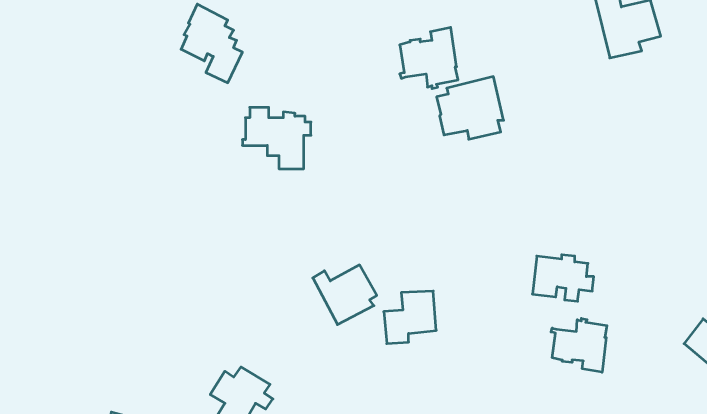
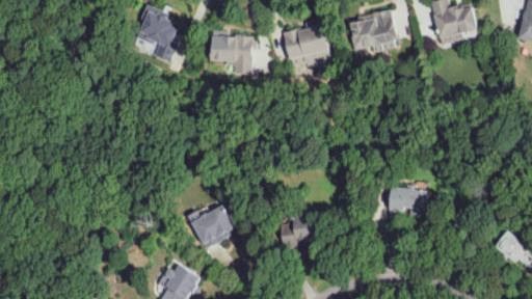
building: [437,77,504,139] -> [349,8,397,53]
building: [242,107,311,169] -> [207,30,256,74]
building: [313,265,377,325] -> [188,206,234,248]
building: [551,318,607,372] -> none

